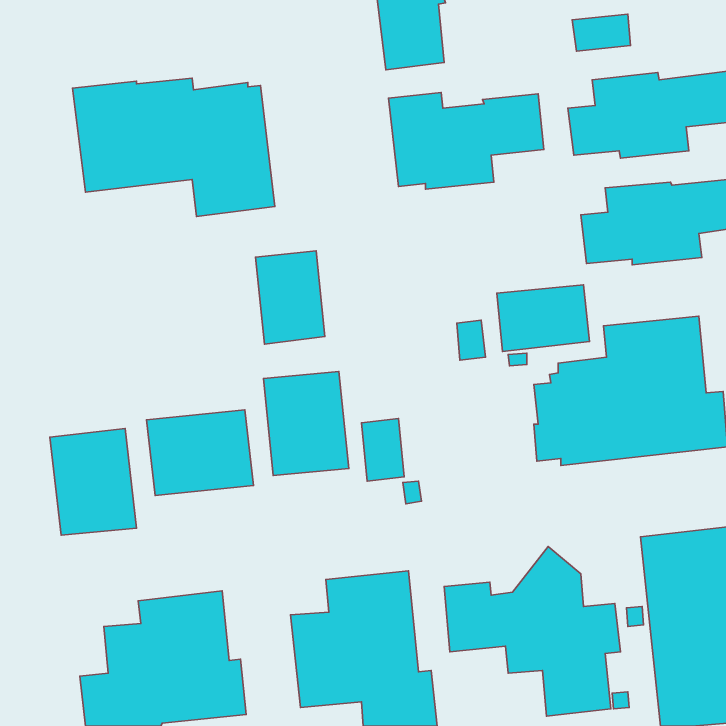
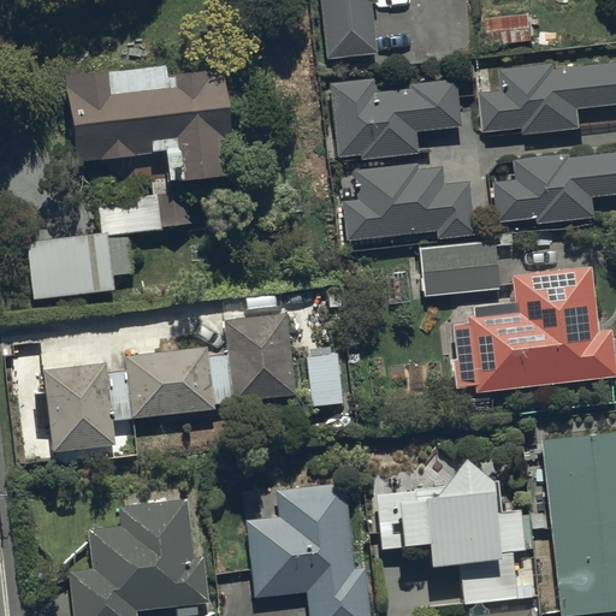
building: none -> [342,164,476,241]
building: none -> [28,191,190,300]
building: [256,251,325,344] -> none

